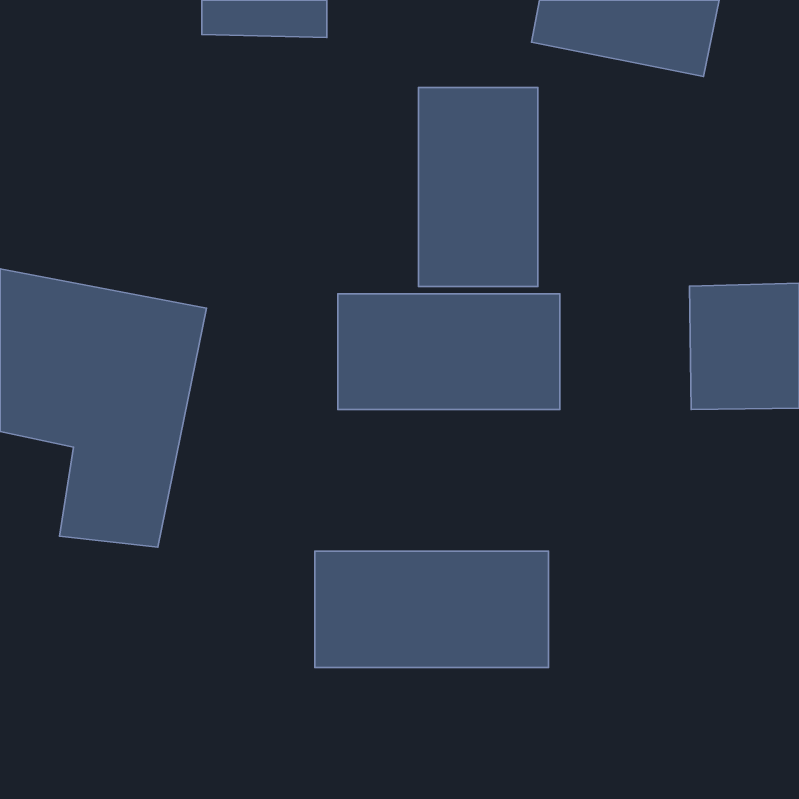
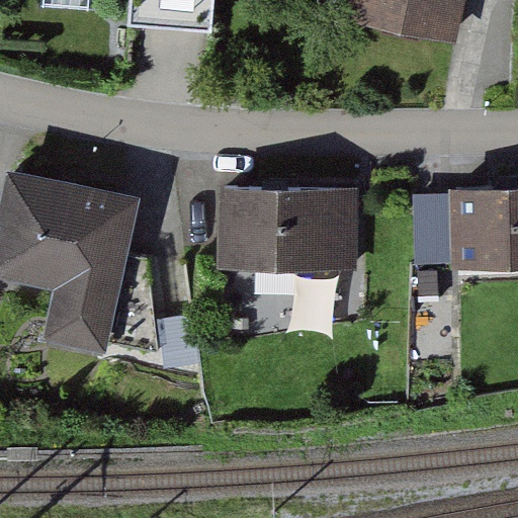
building: [419,88,538,286] -> none
building: [315,551,549,668] -> none

